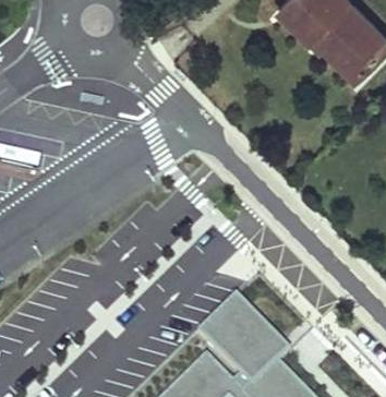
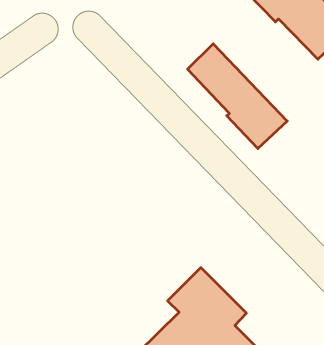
building: none -> [188,44,287,149]

